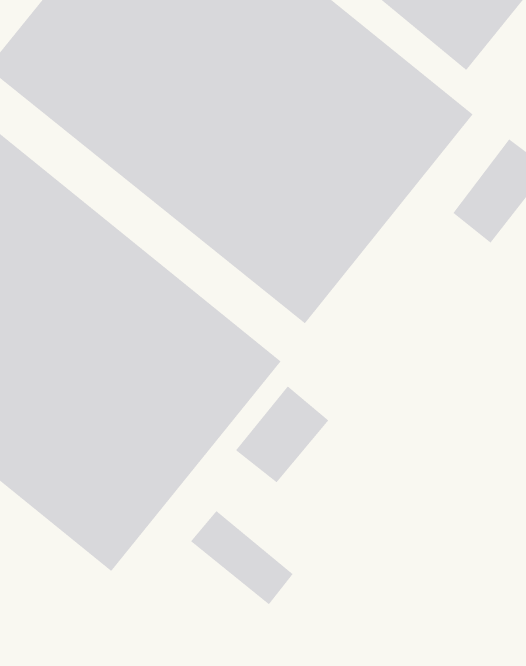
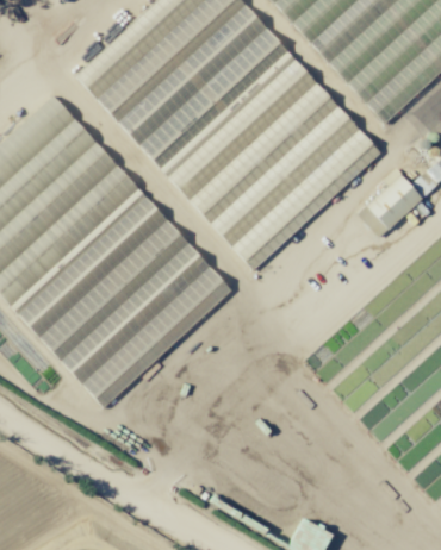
building: [235,385,329,483] -> none
building: [190,510,293,605] -> none

